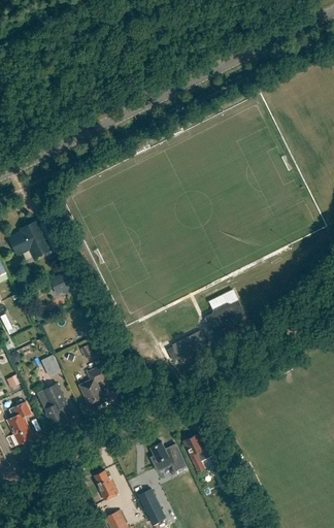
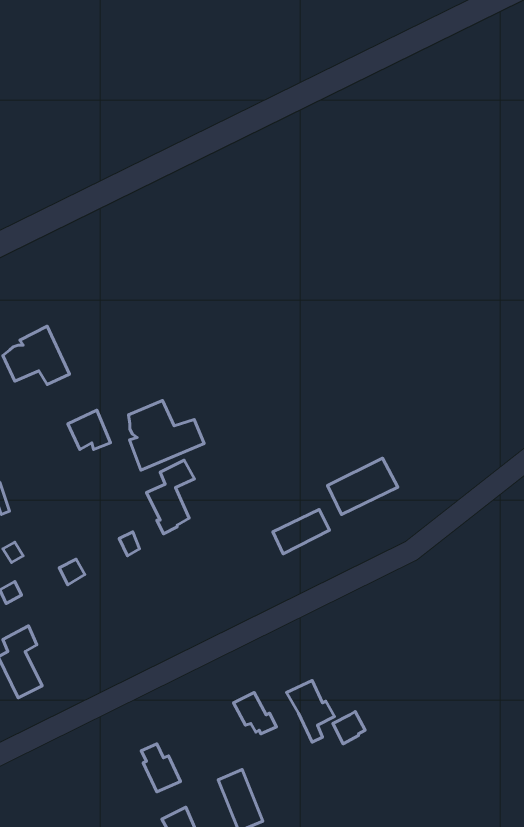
building: none -> [128,401,204,470]
building: [78,365,107,409] -> [147,460,194,534]
building: [42,383,67,427] -> none

